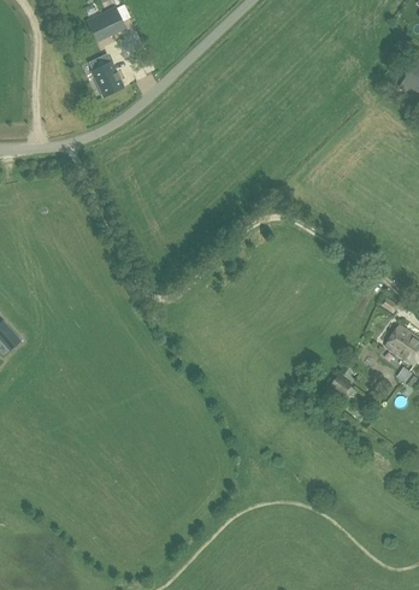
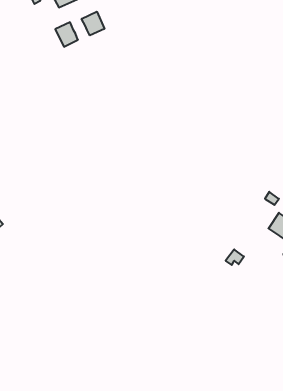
building: none -> [82,12,104,35]

